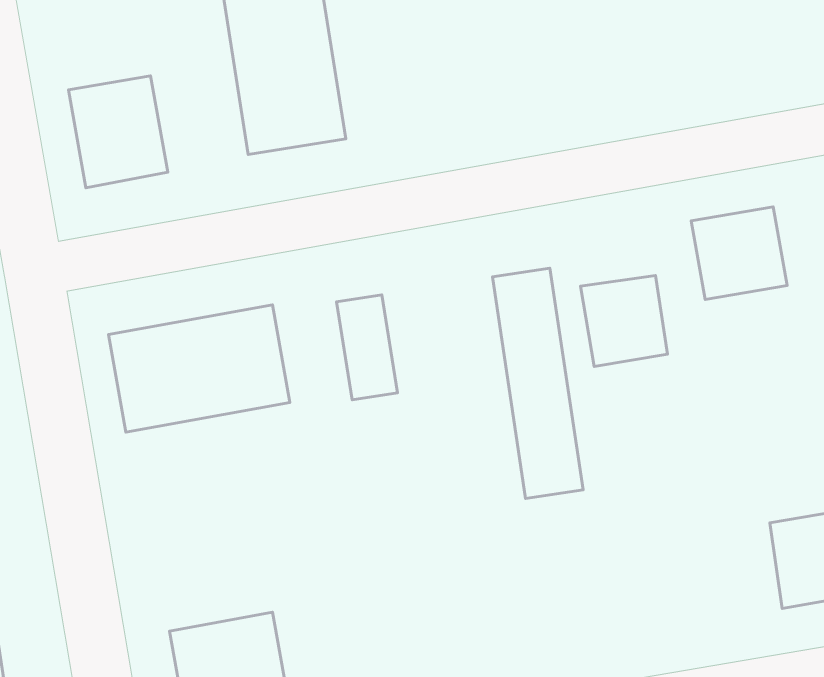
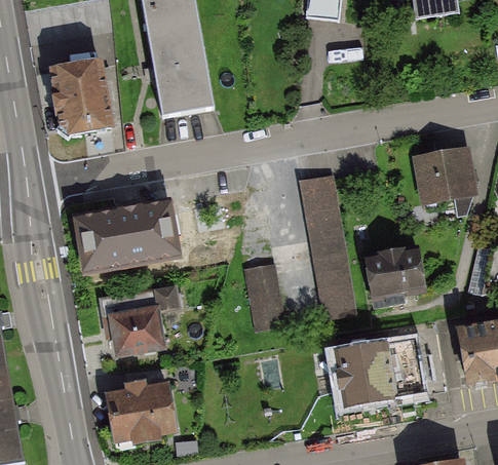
building: [580,276,668,366] -> [372,249,423,303]
building: [336,295,397,400] -> [246,263,282,324]
building: none -> [103,290,169,356]
building: none -> [330,336,426,402]

